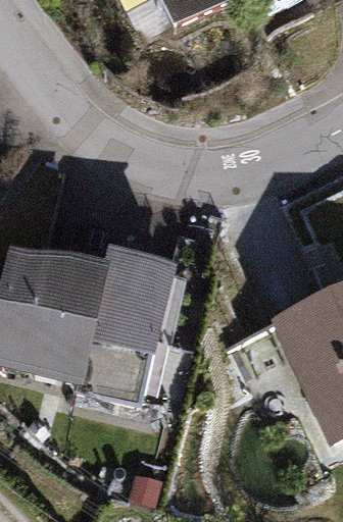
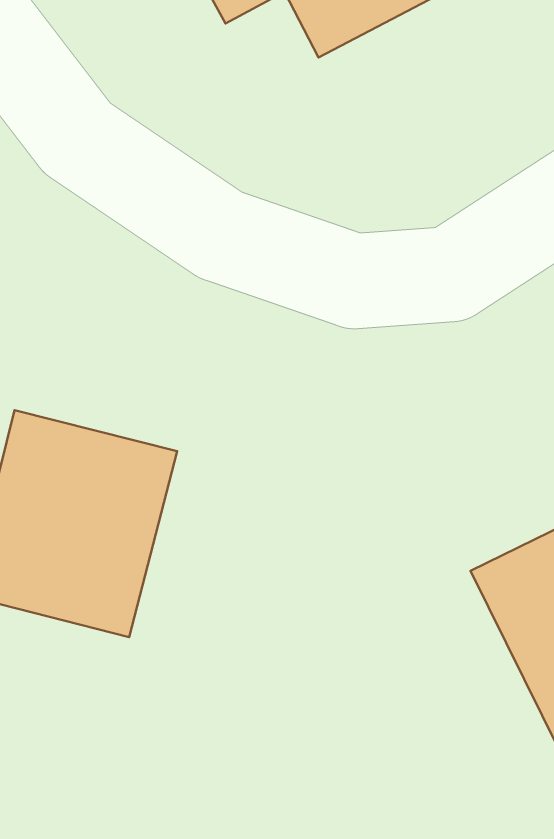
building: [75,253,167,396] -> none

